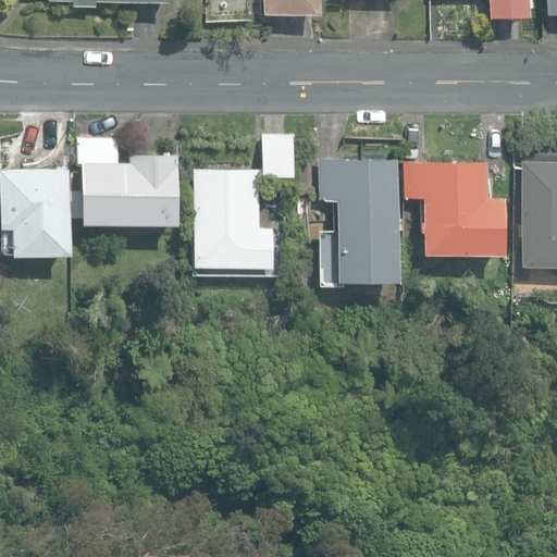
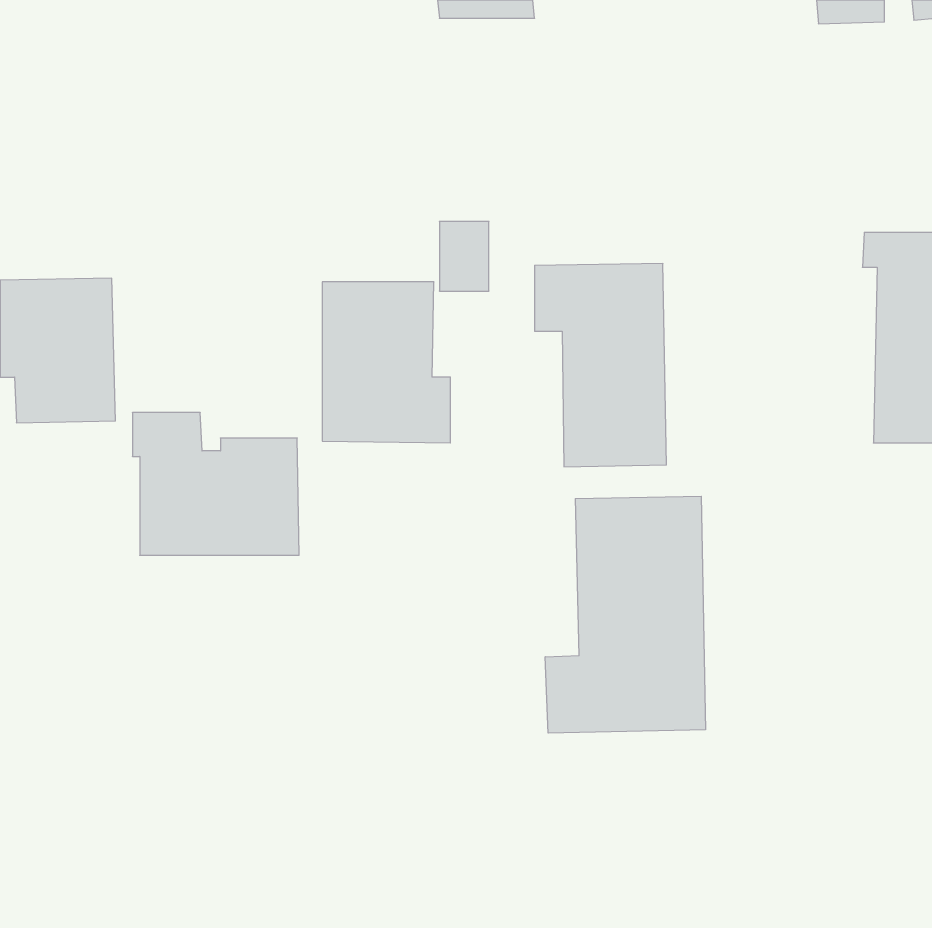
building: [78,140,177,225] -> [132,413,299,555]
building: [404,163,503,253] -> none
building: none -> [545,496,705,733]

